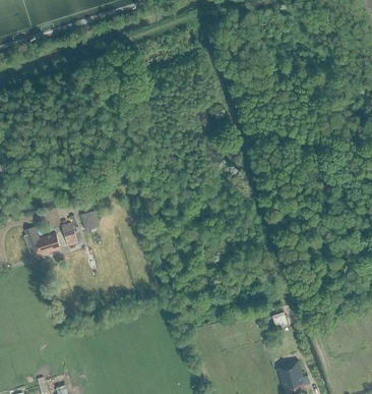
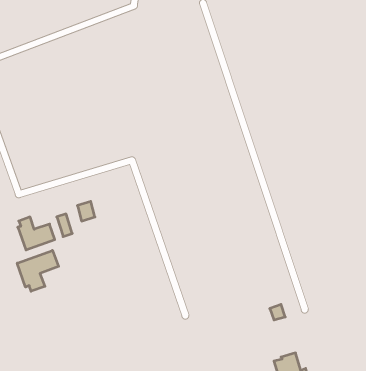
building: none -> [17,250,59,291]

